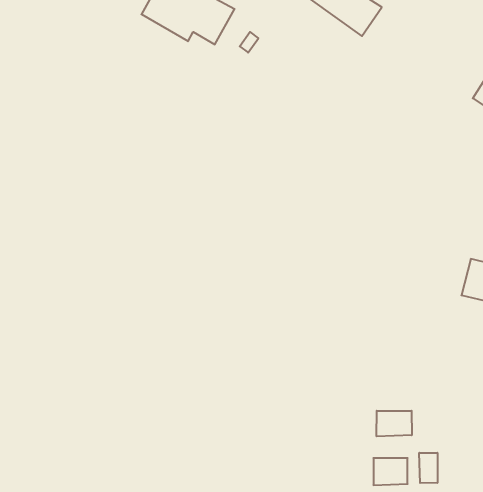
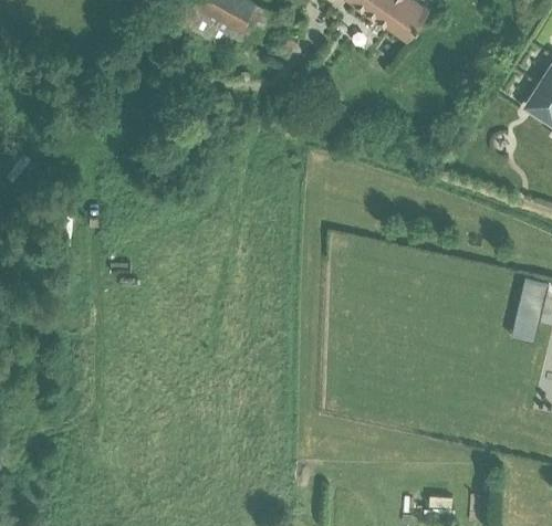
building: [377,411,412,436] -> none
building: [419,453,437,483] -> none

